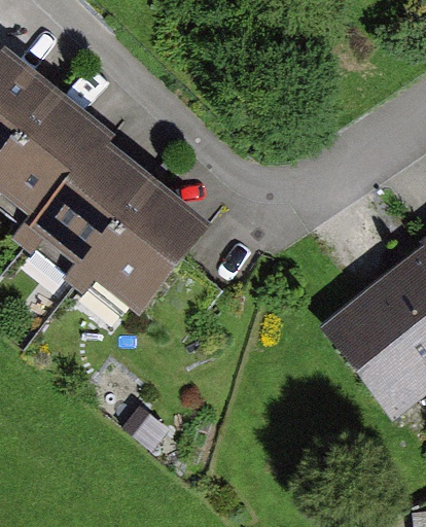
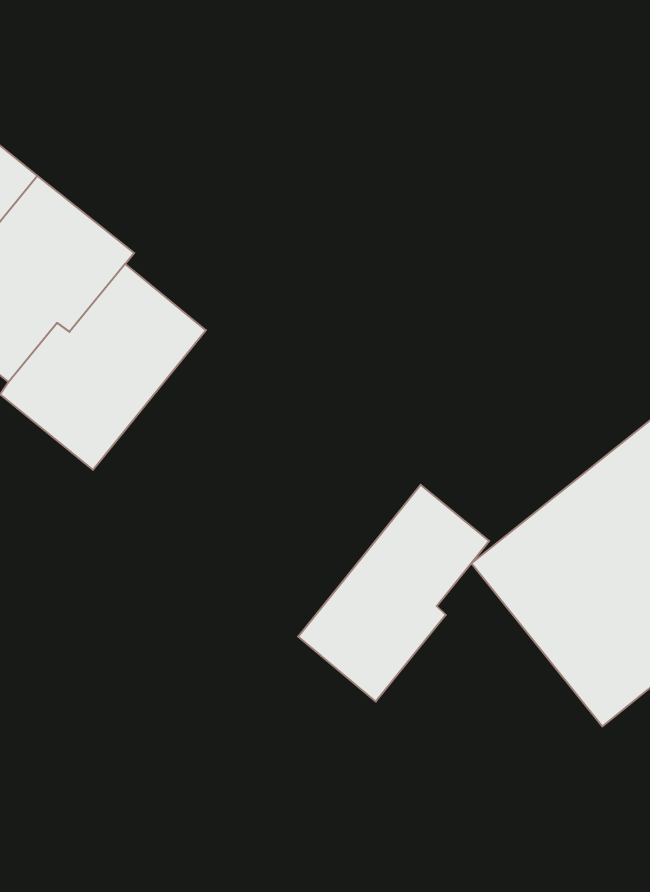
building: [97,191,215,316] -> none
building: none -> [298,485,489,702]

